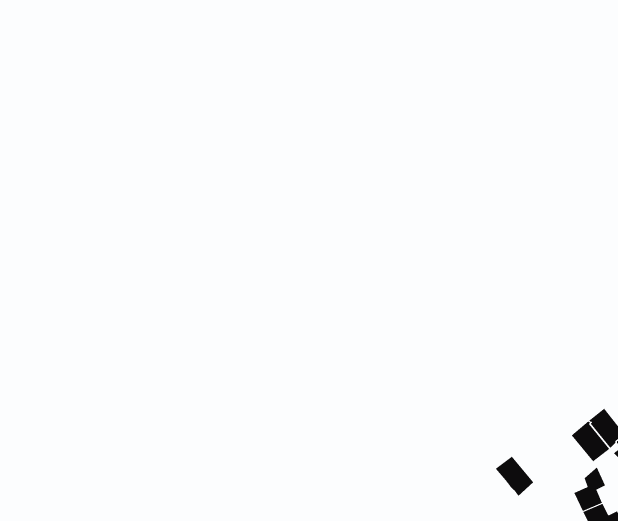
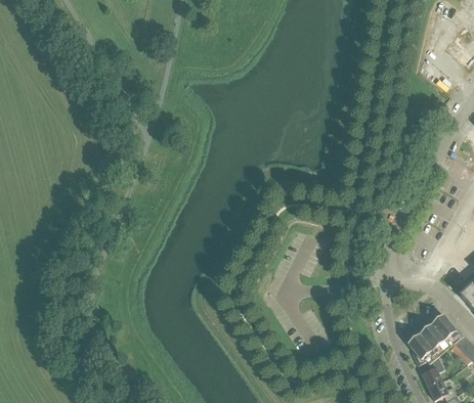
building: [495,456,534,497] -> [407,332,435,361]

